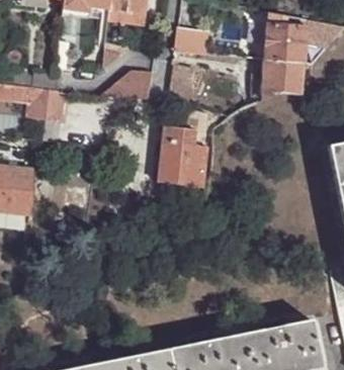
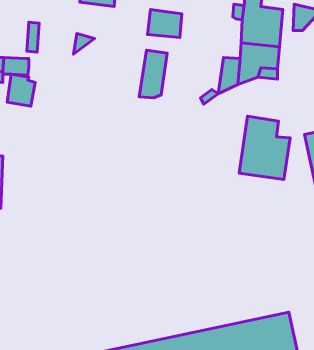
building: [99,70,152,98] -> none
building: [158,124,207,186] -> [239,116,290,180]

